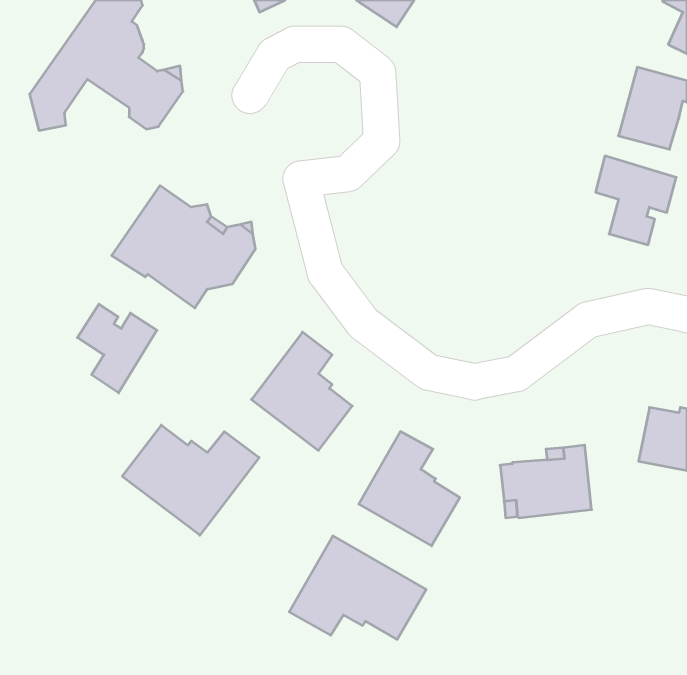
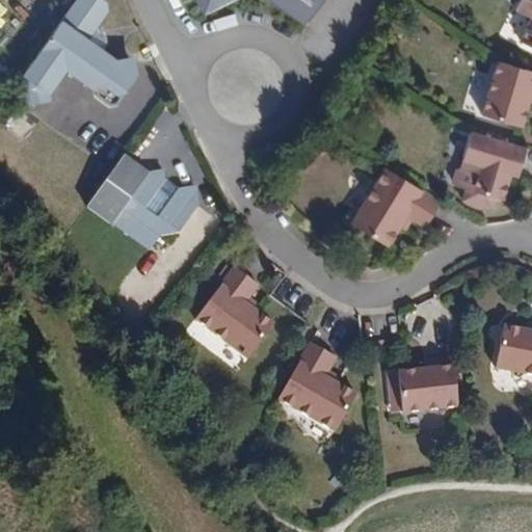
building: none -> [351,165,442,244]
building: [77,304,157,393] -> none
building: [122,425,259,535] -> none
building: [289,536,426,639] -> none

